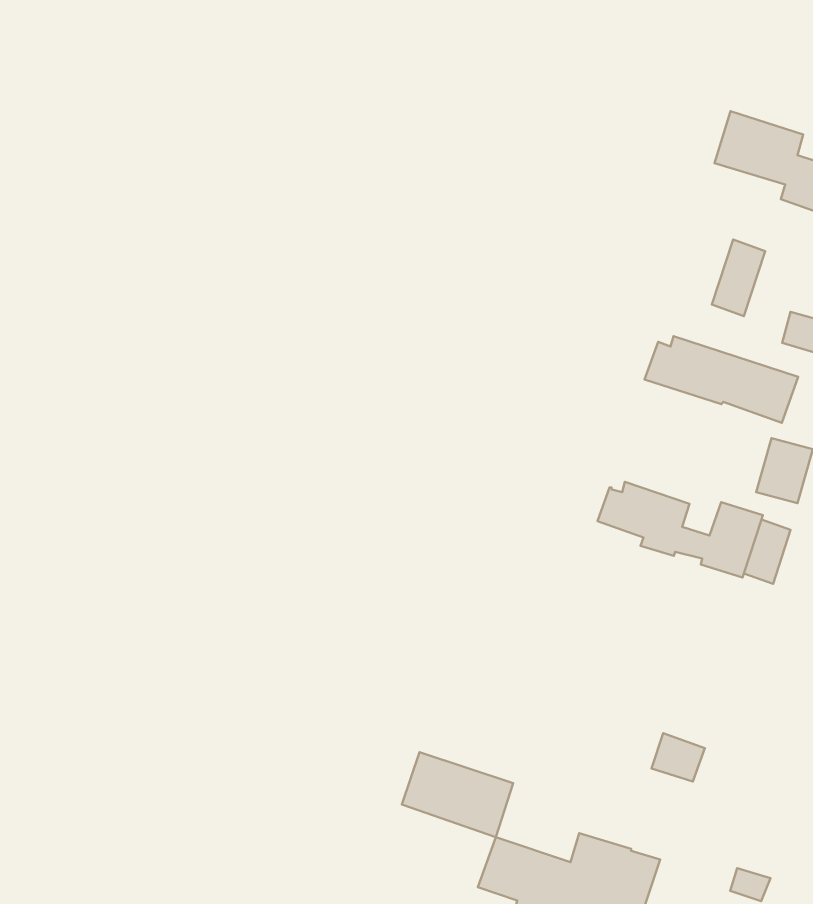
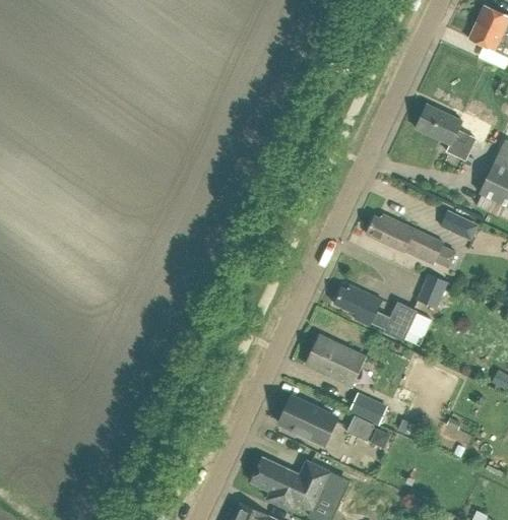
building: [712,239,765,316] -> none
building: none -> [307,336,367,387]
building: none -> [350,390,389,425]
building: [402,752,513,837] -> [279,397,337,445]

